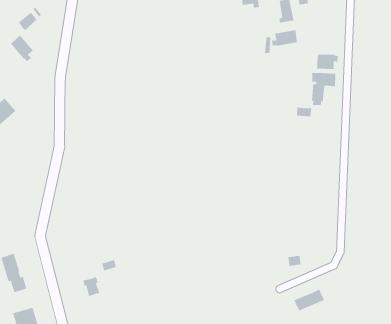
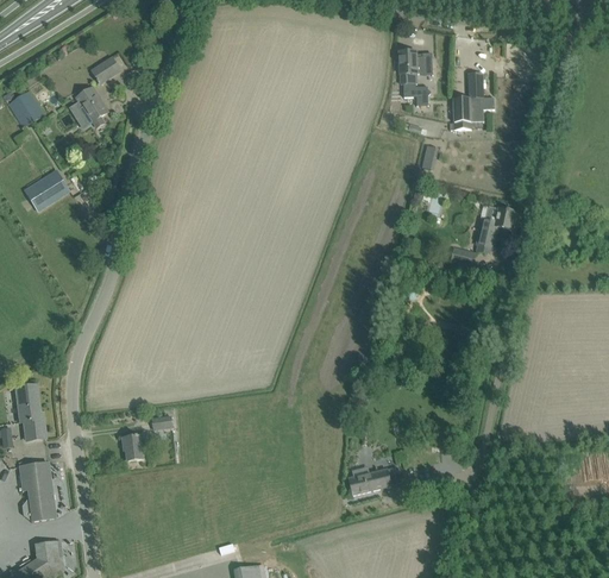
building: [272,30,297,46] -> none
building: [317,54,338,70] -> none
building: [293,289,325,311] -> [349,467,391,494]

